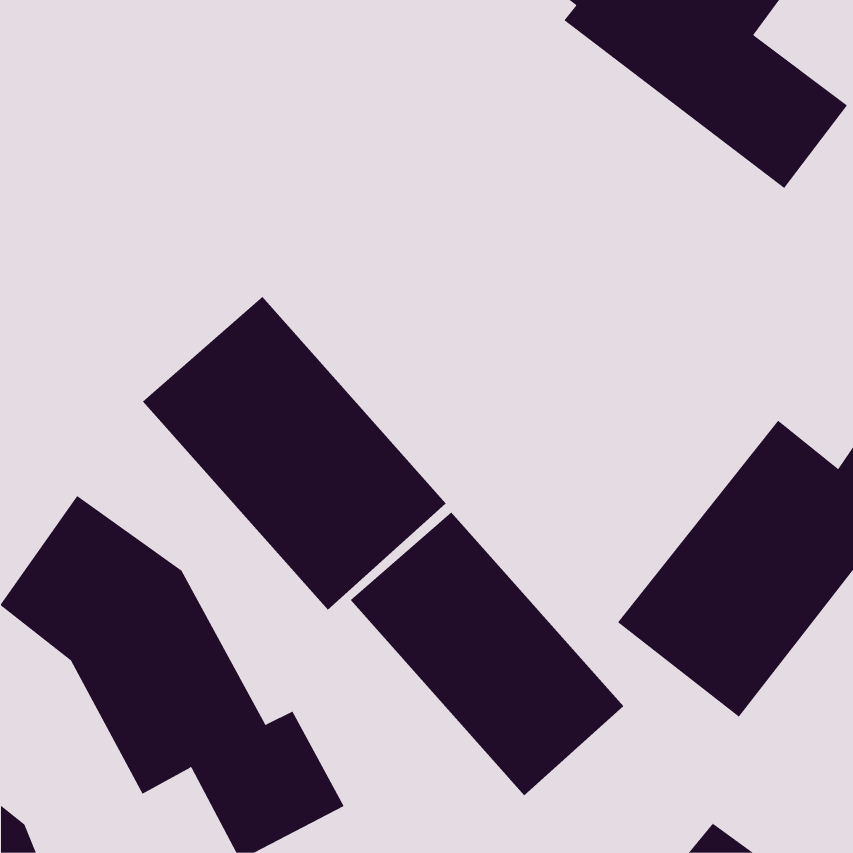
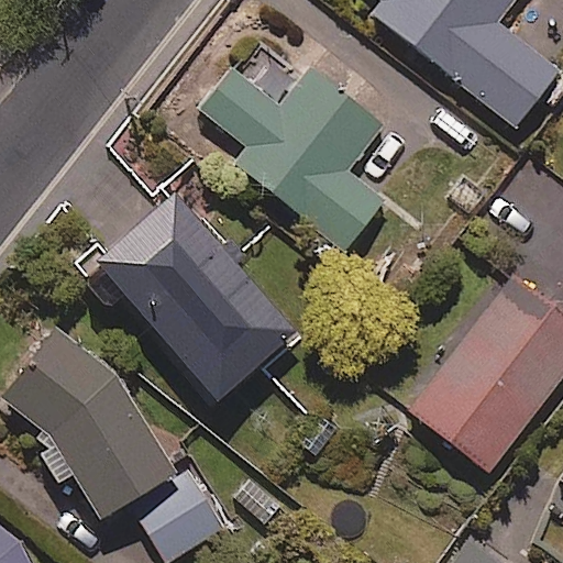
building: none -> [200,69,384,249]
building: [350,511,624,796] -> none

